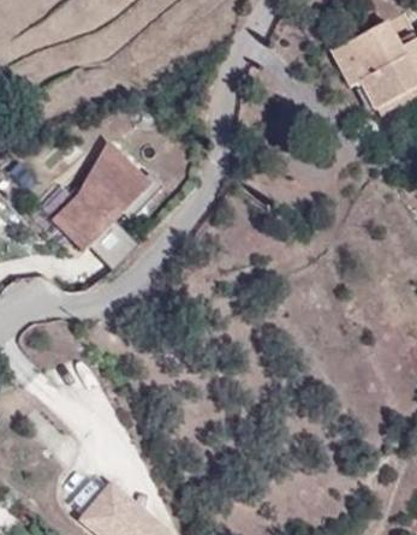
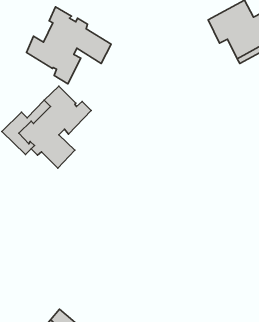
building: none -> [27,7,111,84]

